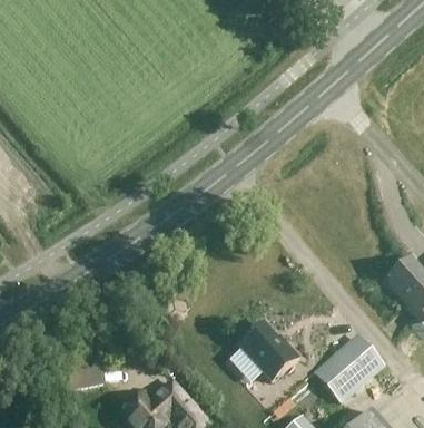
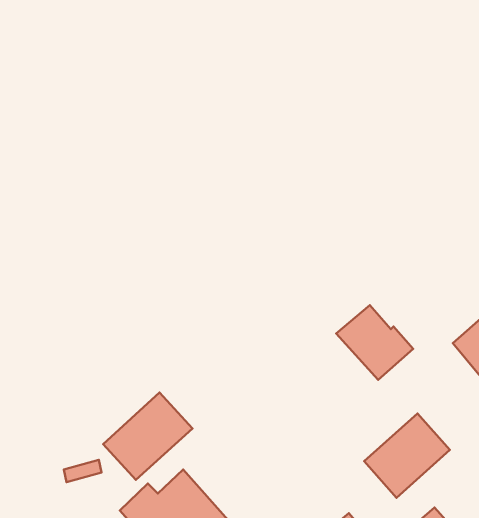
building: none -> [103,393,192,480]
building: [237,321,298,380] -> [336,305,413,380]

